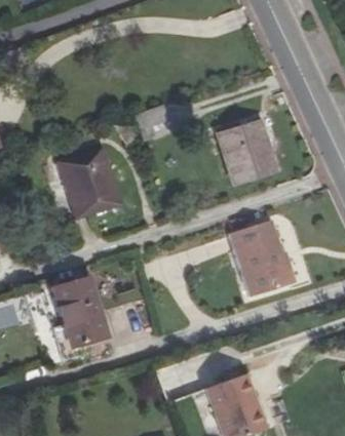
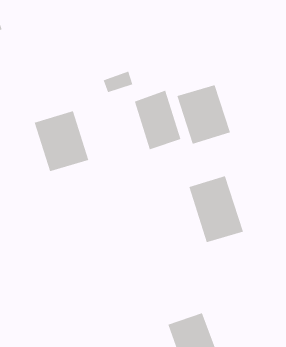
building: none -> [134,90,181,150]
building: [51,278,107,347] -> none

